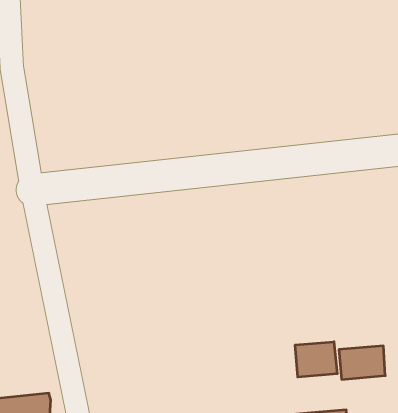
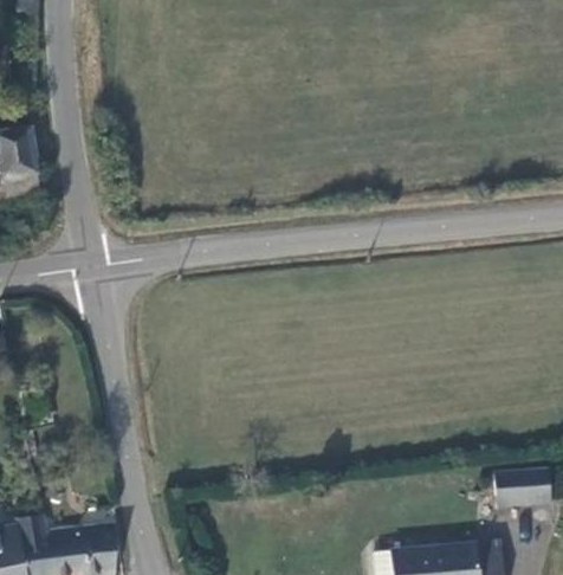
building: [295,342,337,377] -> none

